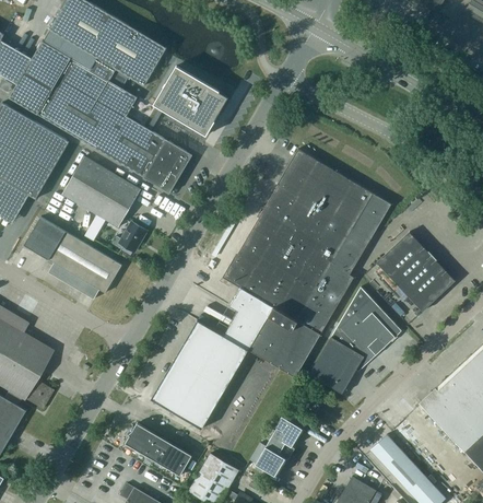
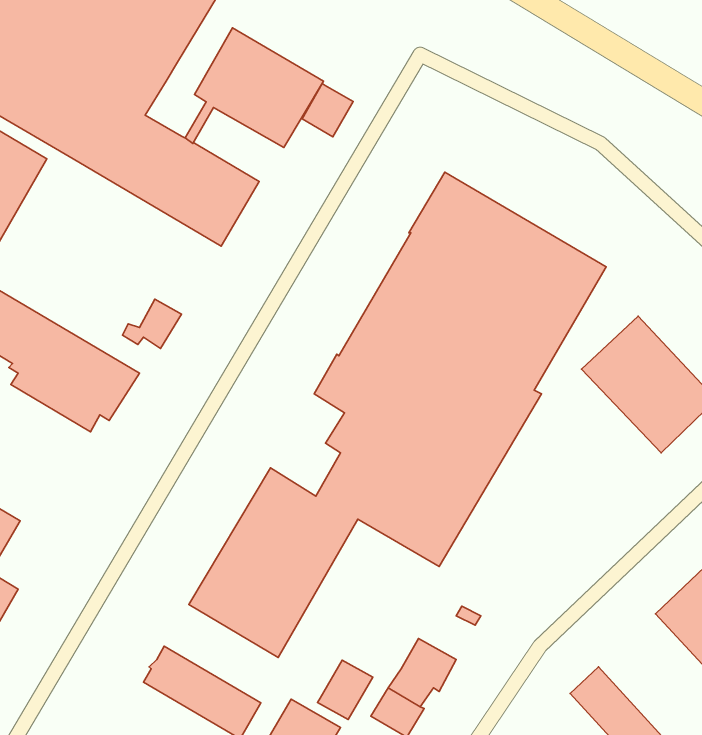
building: none -> [302,83,353,137]
building: [62,156,141,227] -> none
building: [309,288,401,393] -> none
building: none -> [318,660,373,720]

